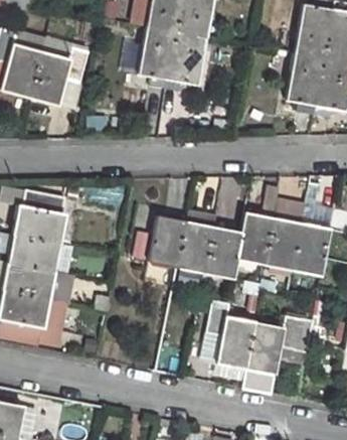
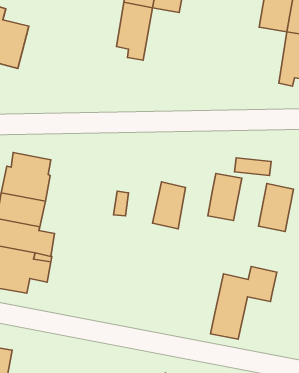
building: [167,31,206,92] -> none
building: [30,46,89,105] -> none
building: [286,52,324,114] -> none
building: [149,215,187,267] -> none
building: [266,217,302,270] -> none
building: [205,228,242,278] -> none
building: [204,300,254,369] -> none

